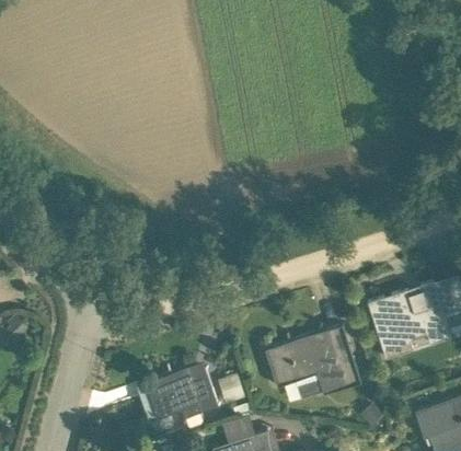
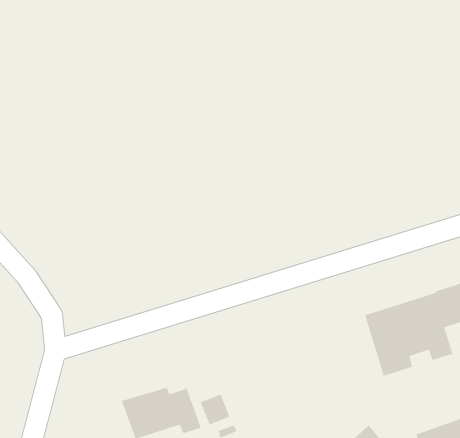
building: [262,324,359,398] -> none

